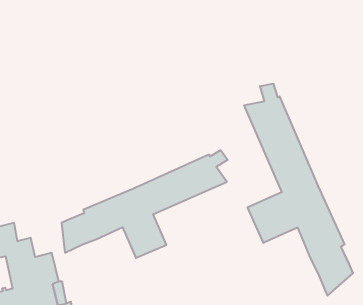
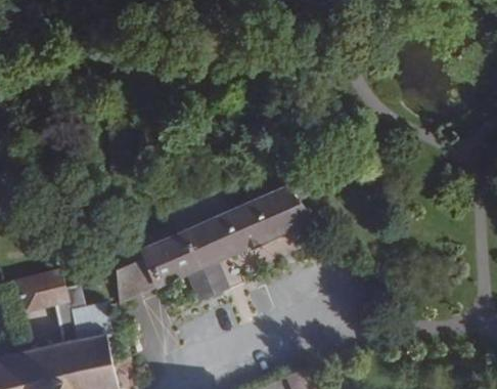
building: [244,84,353,296] -> none

